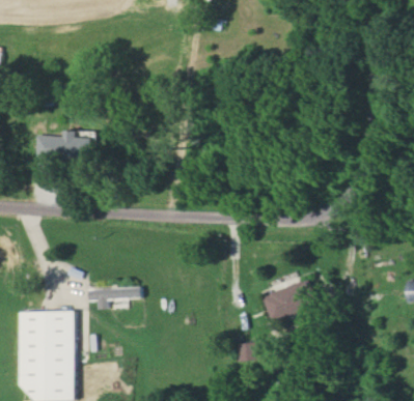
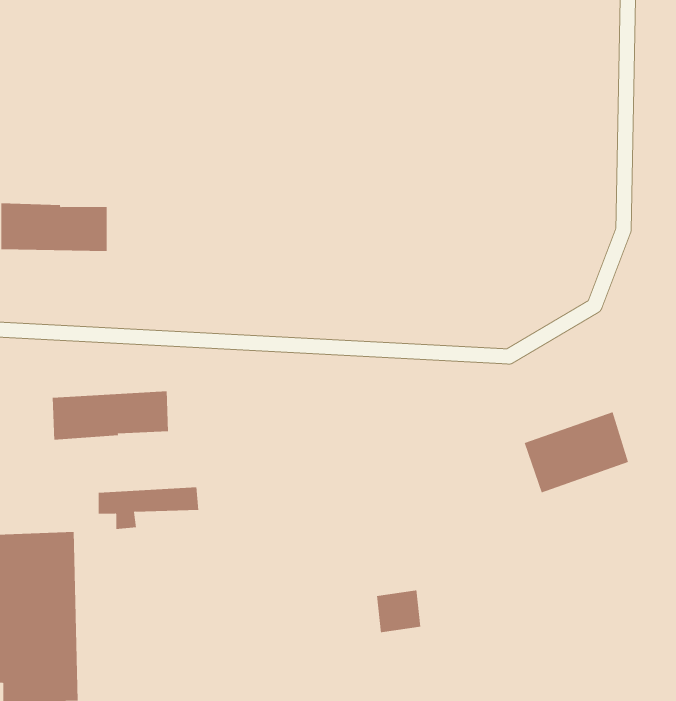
building: none -> [52,390,169,440]
building: [260,279,316,322] -> [524,412,629,493]

